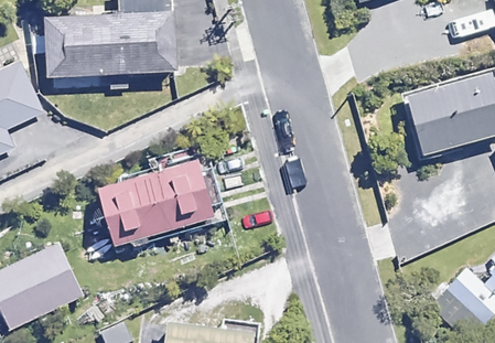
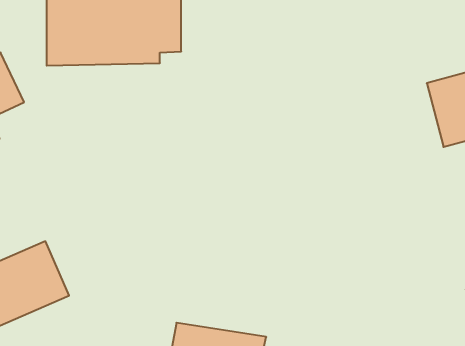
building: [104,154,229,236] -> none

